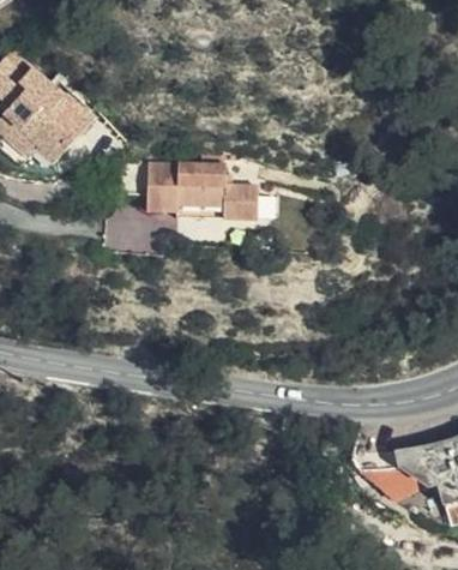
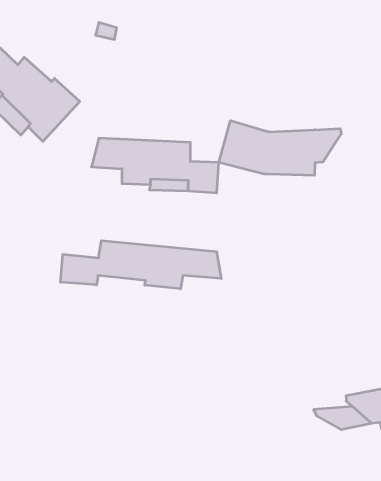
building: none -> [219,121,341,175]
building: none -> [61,241,221,289]

